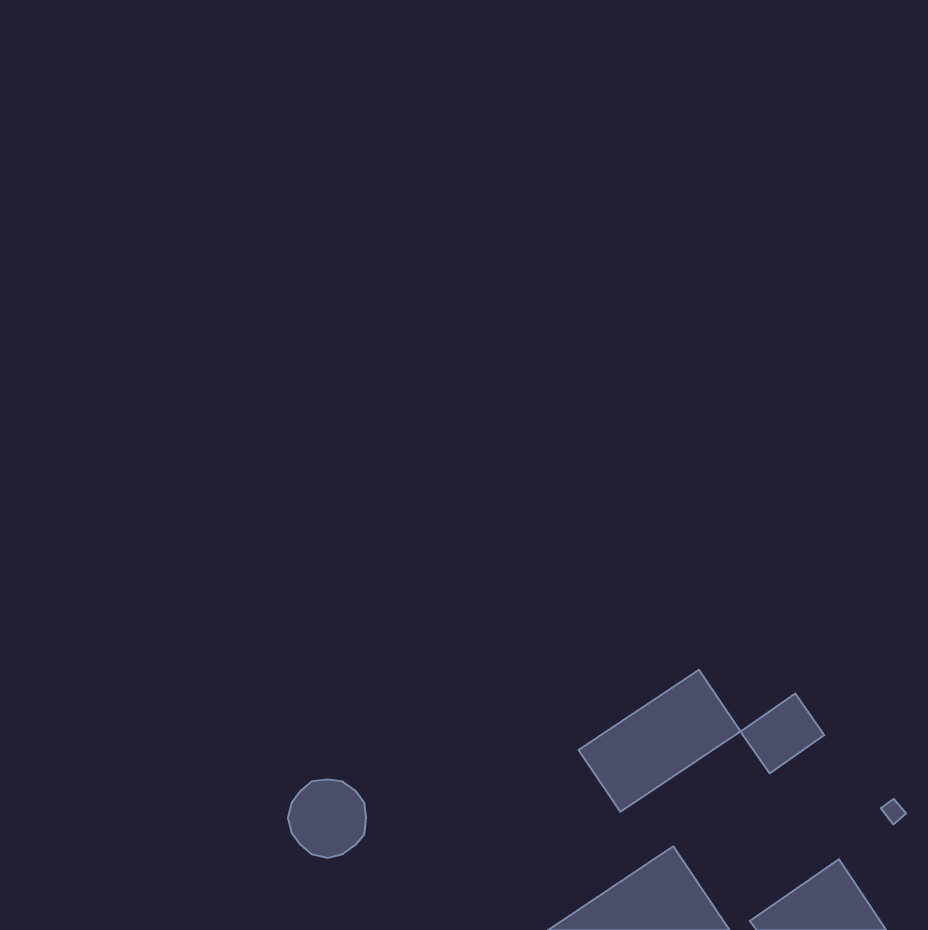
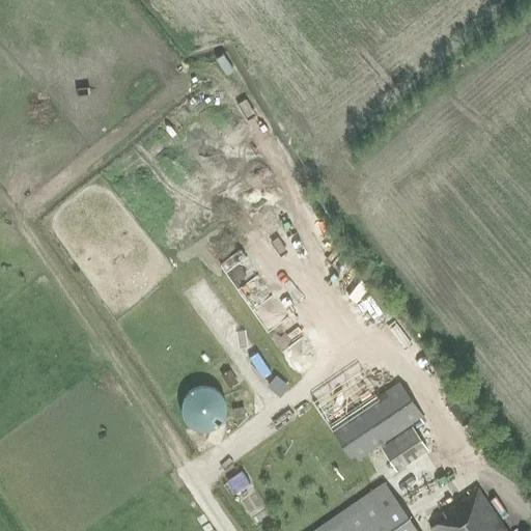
building: [741,693,824,773] -> [381,426,428,472]
building: [288,780,366,858] -> [181,387,226,431]

